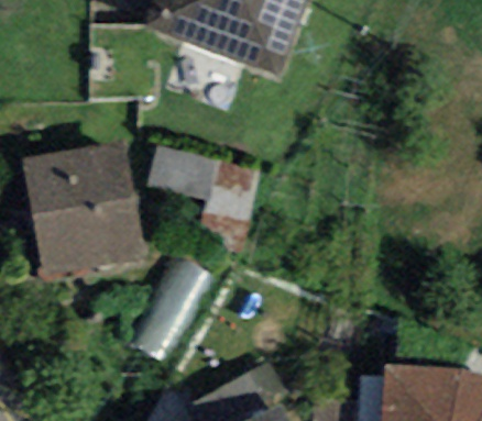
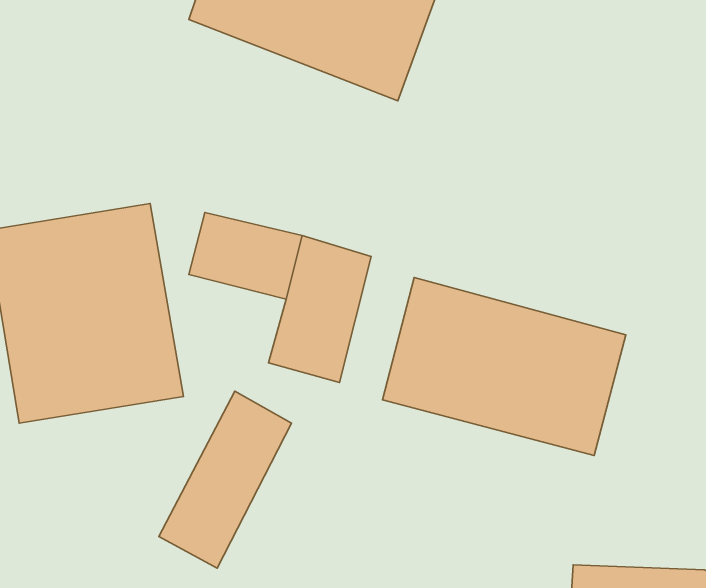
building: none -> [383,278,626,456]

